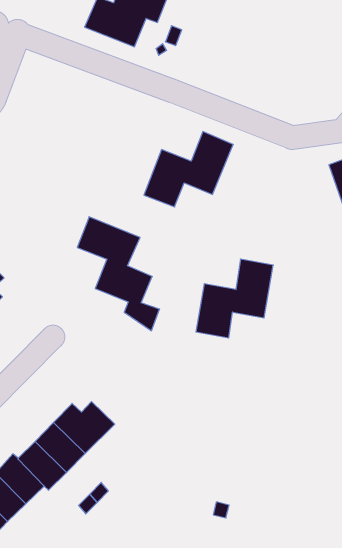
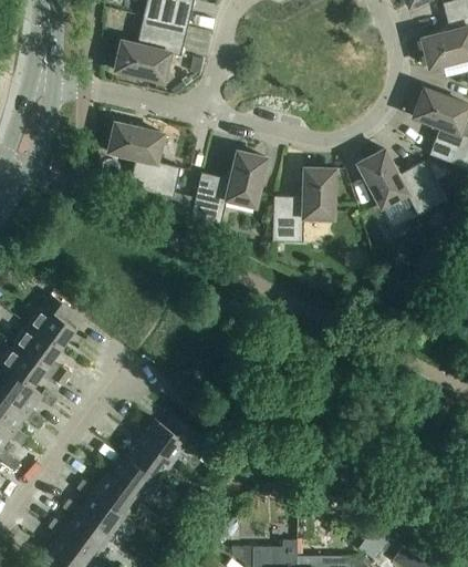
building: [77,217,160,331] -> [107,122,191,218]
building: [196,259,273,338] -> [272,168,334,243]

